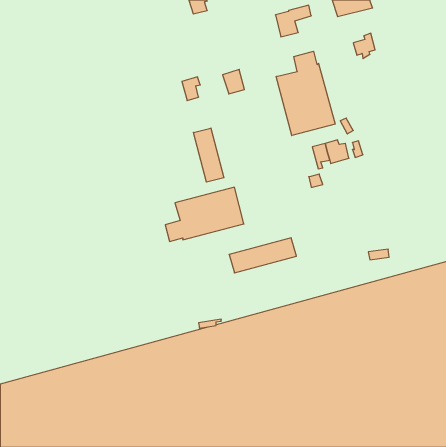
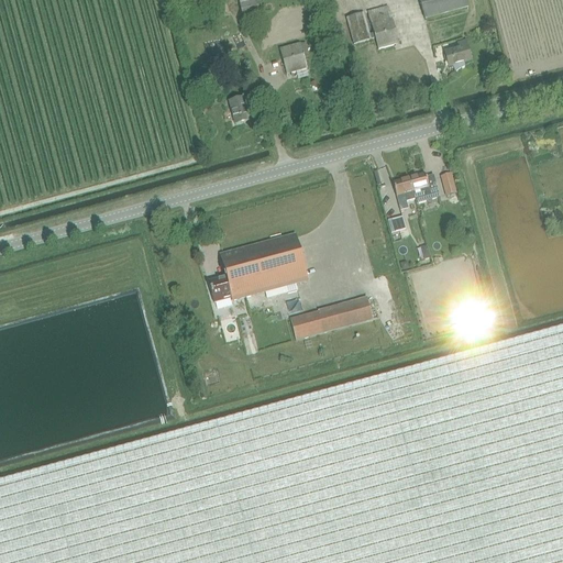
building: none -> [372,20,399,51]
building: [276,51,335,136] -> none
building: [223,69,244,94] -> [280,45,308,76]
building: [193,128,224,182] -> none

